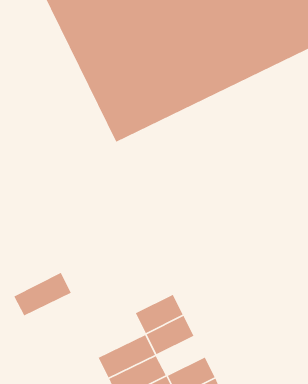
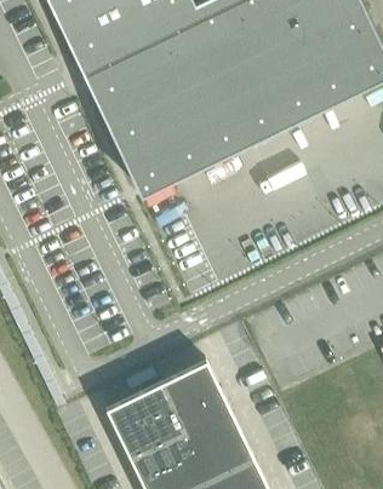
building: [13,272,72,316] -> [105,385,172,436]
building: none -> [184,412,240,456]

